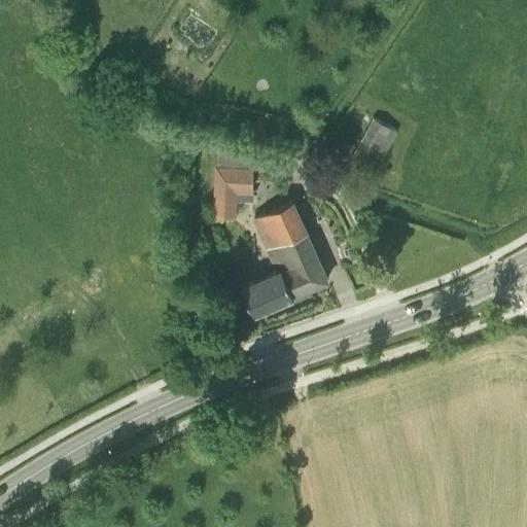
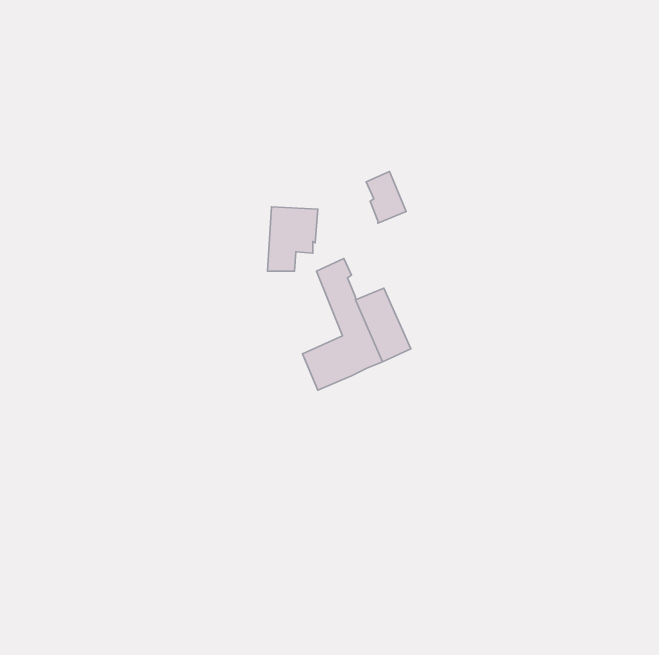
building: [359,117,400,162] -> none
building: [274,202,306,243] -> [366,172,406,223]

